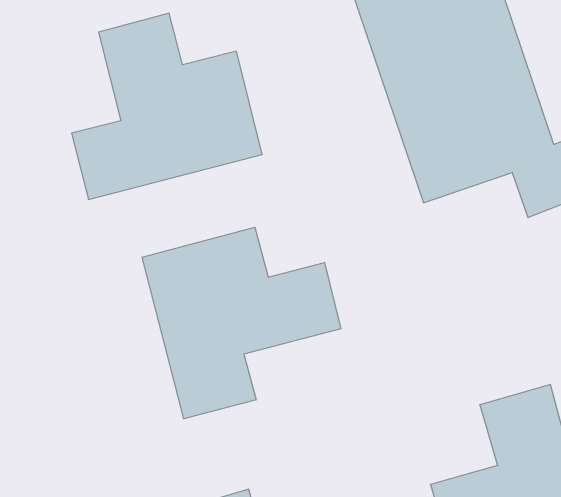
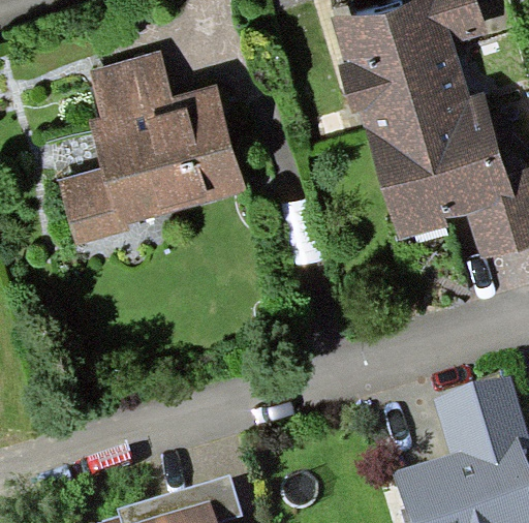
building: [142,227,341,419] -> none

